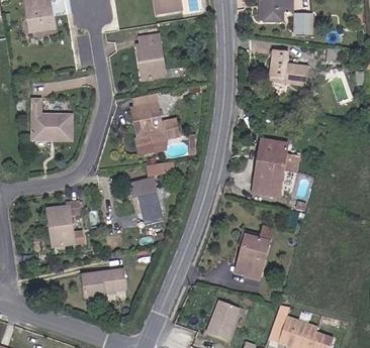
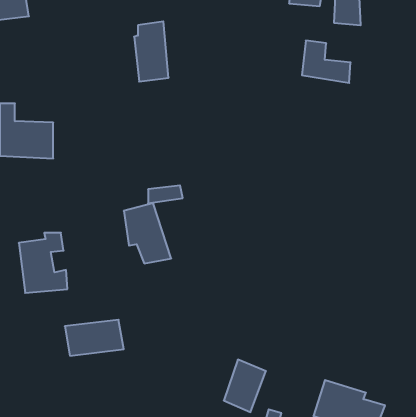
building: [129,94,180,154] -> none
building: [254,138,287,198] -> none
building: [234,225,275,279] -> none

